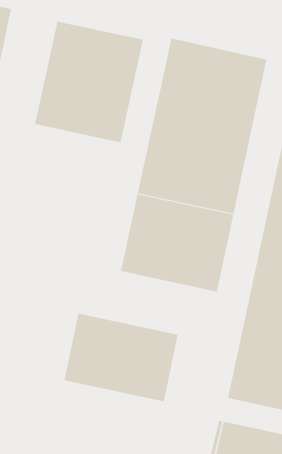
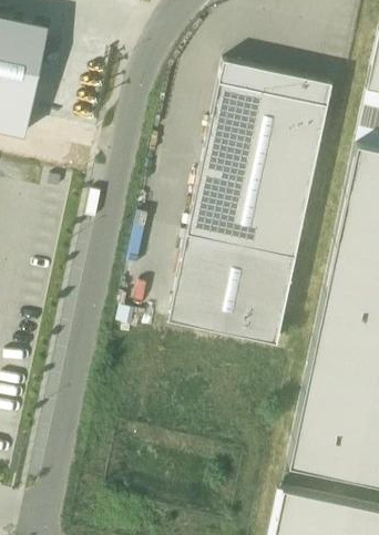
building: [35,21,143,143] -> none
building: [64,313,178,402] -> none

